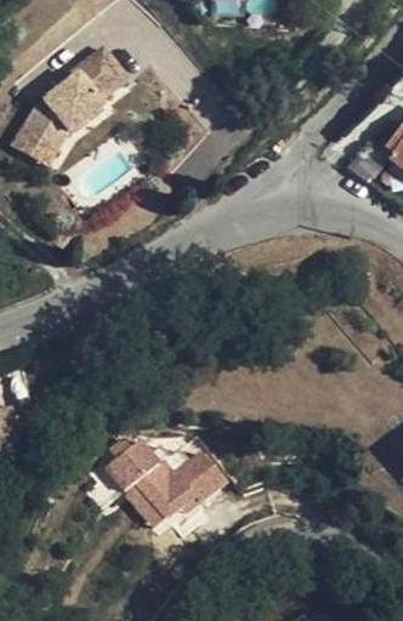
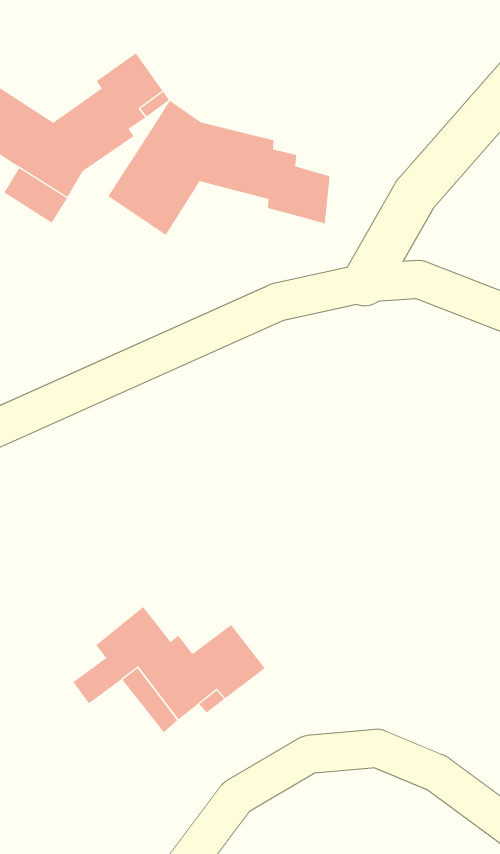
building: none -> [108,100,330,236]

